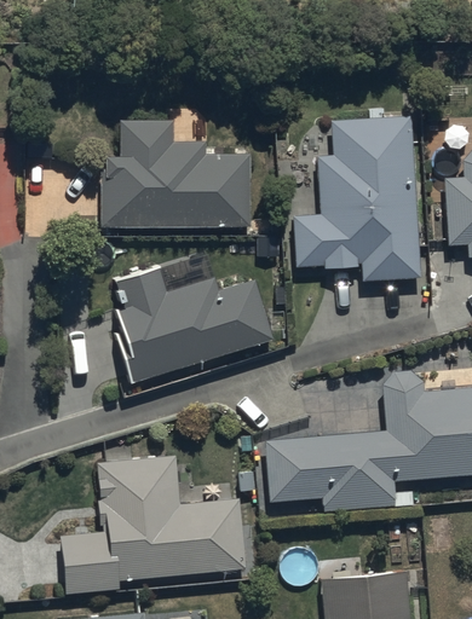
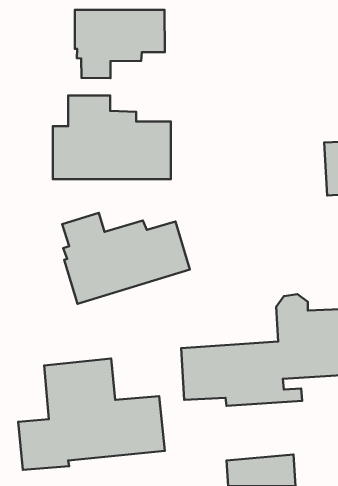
building: none -> [75,10,165,78]
building: [294,116,421,280] -> none

